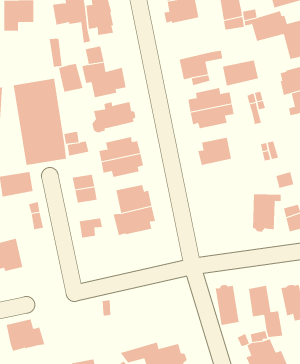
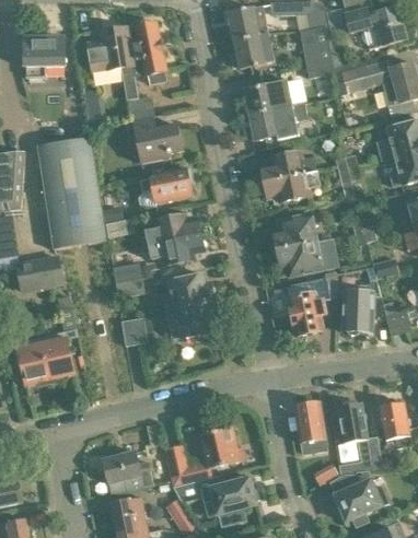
building: [222,60,259,86] -> [243,80,290,114]
building: [58,63,83,92] -> none
building: none -> [277,237,333,276]
building: none -> [286,276,335,335]
building: none -> [40,337,74,379]
building: none -> [164,426,245,484]
building: [6,319,45,351] -> [102,452,152,493]

